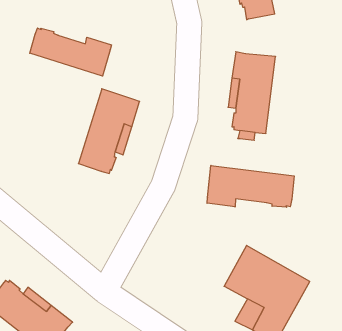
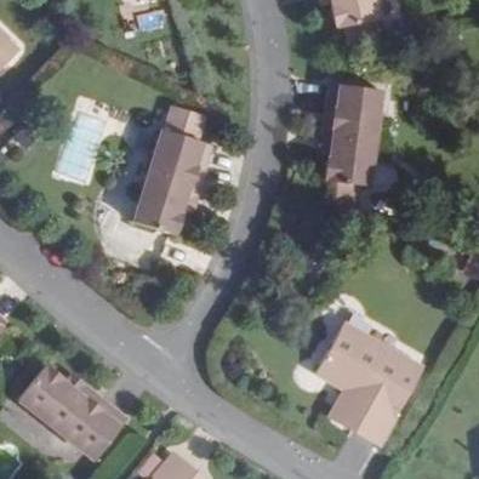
building: [30,28,112,76] -> none
building: [207,165,294,207] -> none

